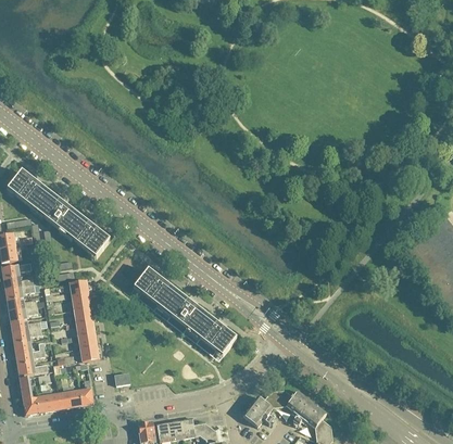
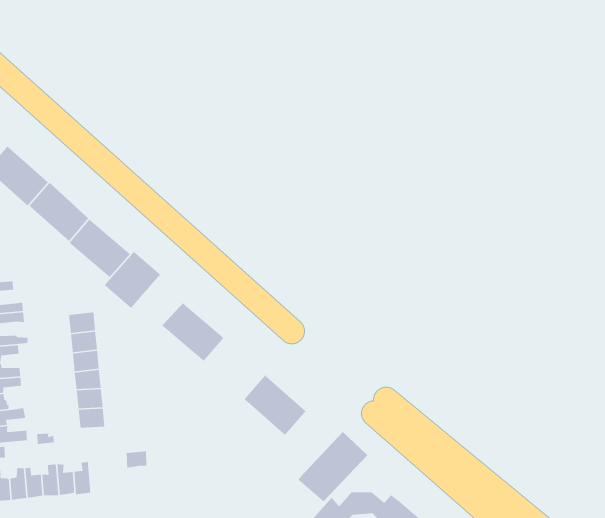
building: none -> [103,251,161,310]
building: [163,291,206,331] -> none
building: none -> [298,431,368,503]

